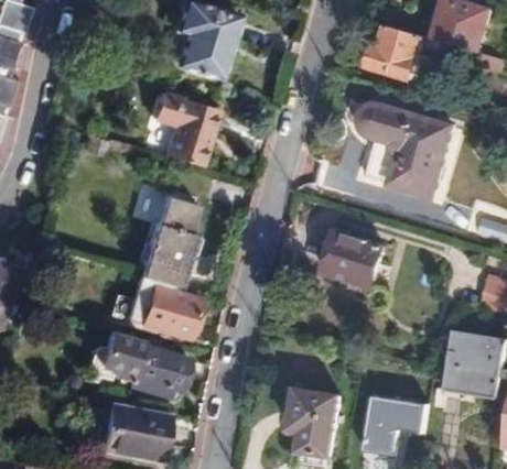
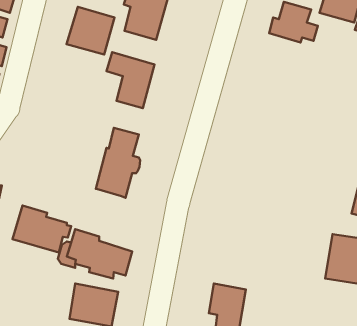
building: none -> [66,7,114,55]
building: [360,108,450,197] -> none
building: [322,230,388,297] -> none
building: [126,274,204,337] -> [13,205,71,252]
building: [362,396,424,452] -> none

